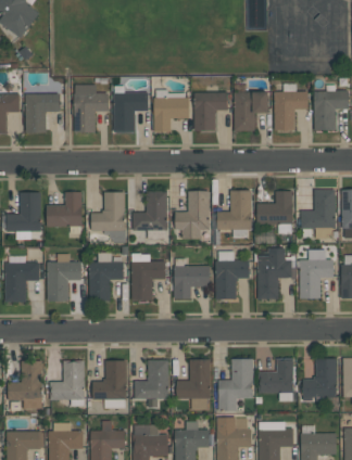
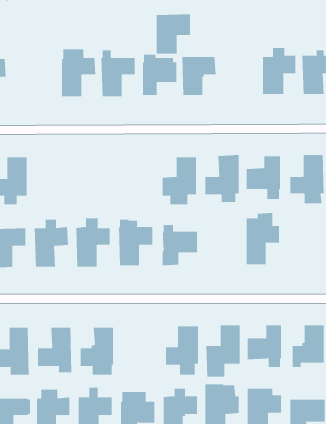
building: [234,91,268,131] -> [156,14,191,54]
building: [25,93,60,132] -> none
building: [47,192,81,233] -> none
building: [91,192,126,243] -> none
building: [133,192,167,240] -> none
building: [299,251,332,299] -> none
building: [215,252,249,299] -> none
building: [135,360,168,399] -> none

